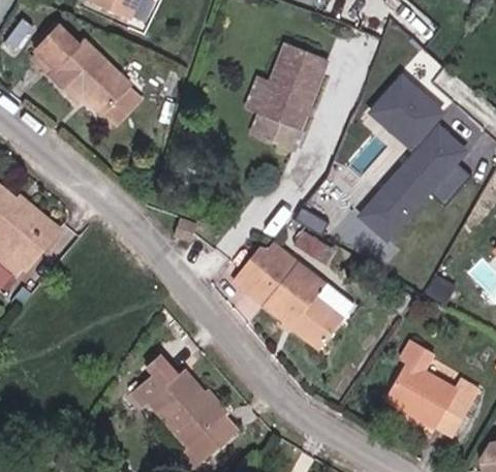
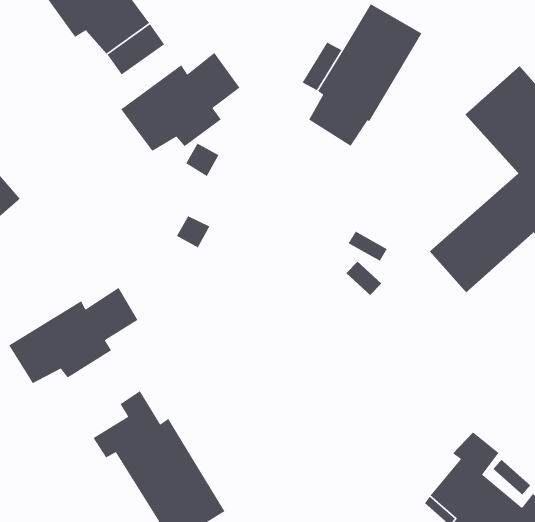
building: none -> [120,52,241,152]
building: [237,242,342,349] -> none
building: none -> [8,287,139,384]

